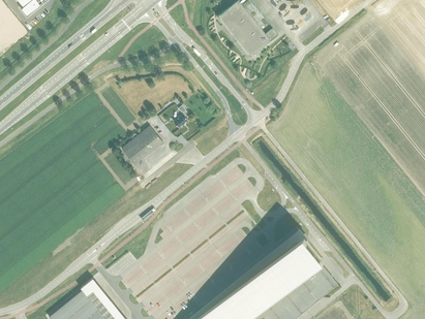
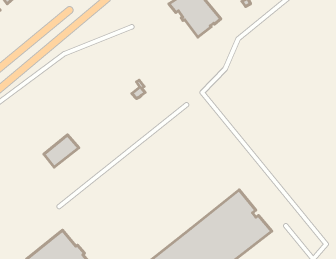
building: [121,125,162,163] -> [44,135,79,167]

